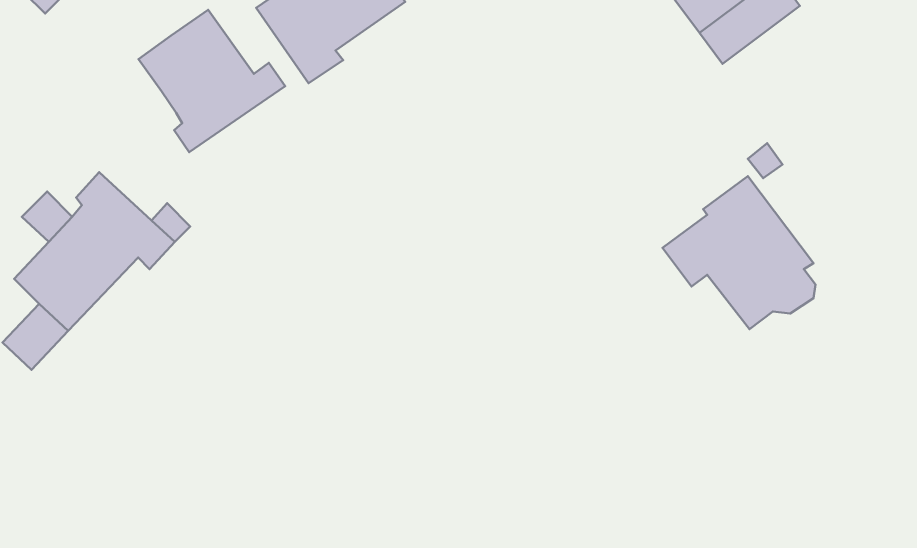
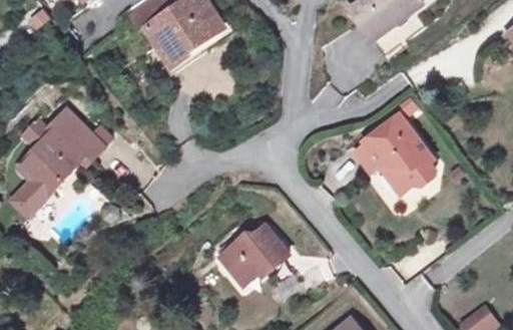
building: [139,10,285,152] -> none
building: none -> [218,225,288,284]

